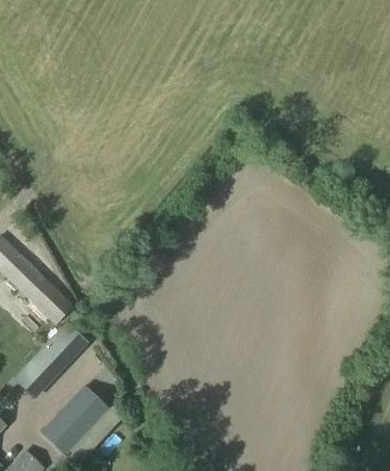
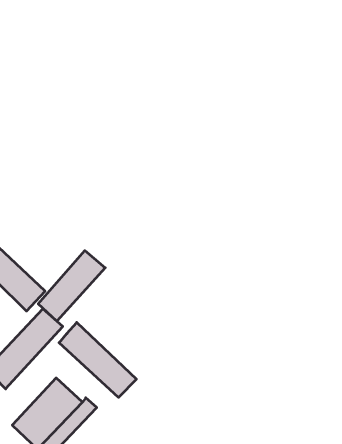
building: none -> [38,251,105,321]
building: none -> [59,322,136,397]

